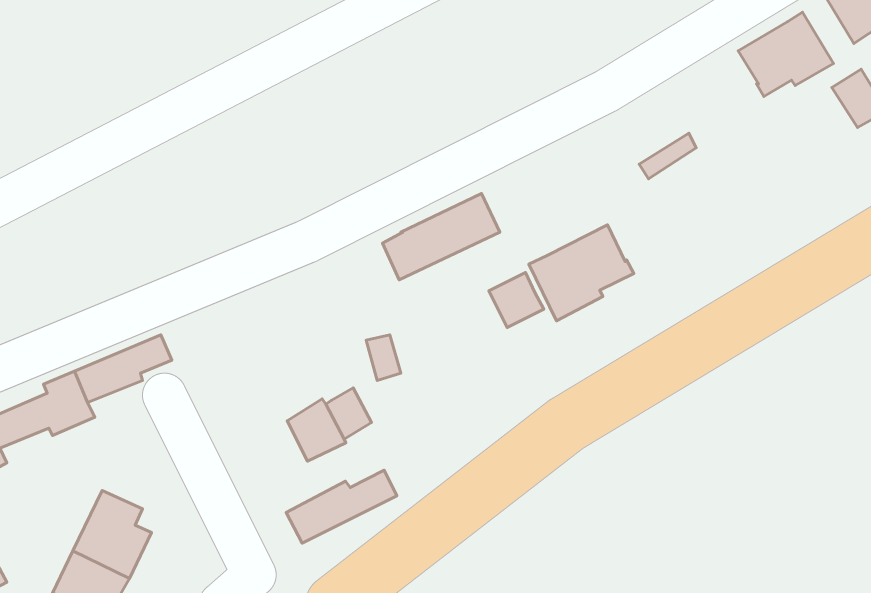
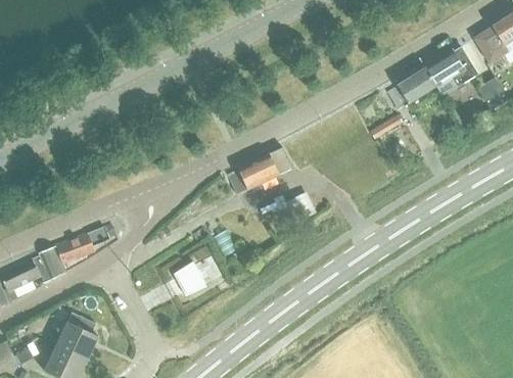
building: none -> [386,66,439,108]
building: [529,225,634,321] -> none
building: [286,470,397,543] -> none

